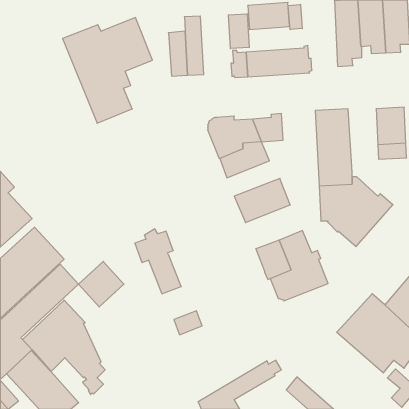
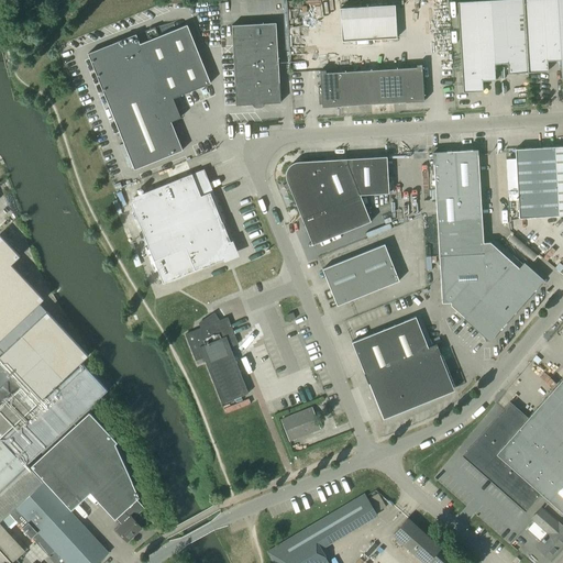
building: [288,4,302,30] -> none
building: [228,14,249,49] -> none
building: none -> [231,23,255,45]
building: none -> [131,174,232,284]
building: [79,261,124,307] -> none
building: [174,311,202,335] -> [283,408,321,441]

